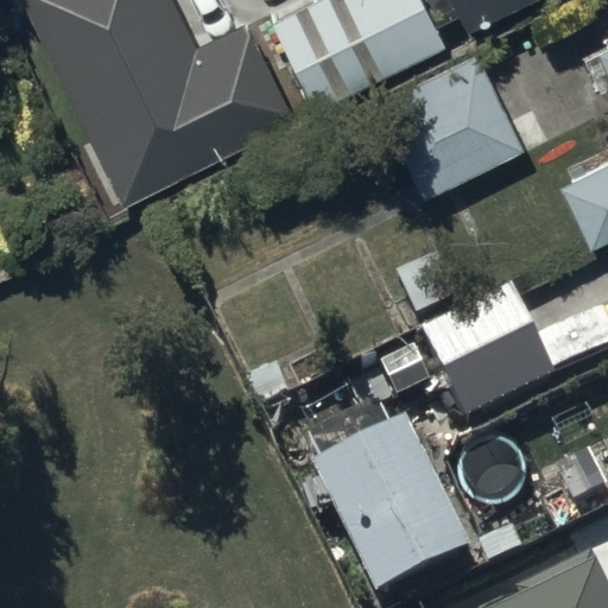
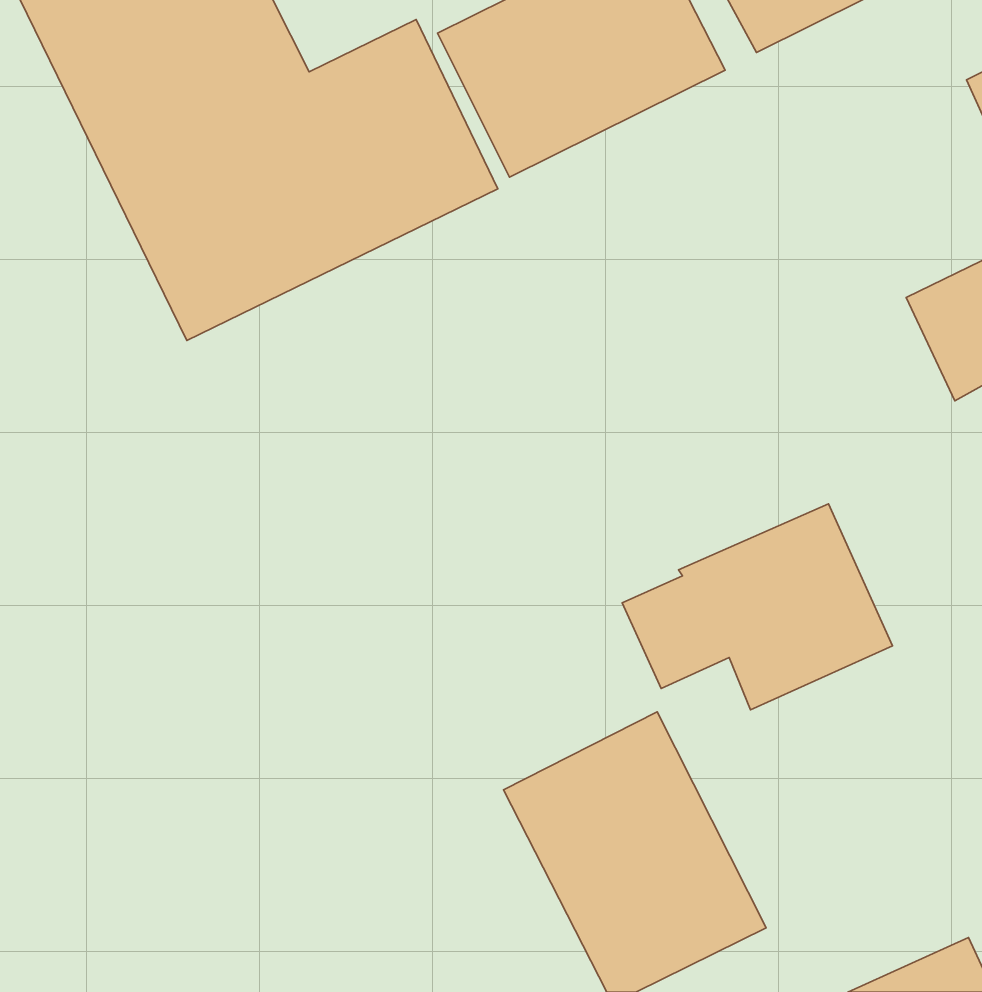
building: [379,53,526,197] -> none

